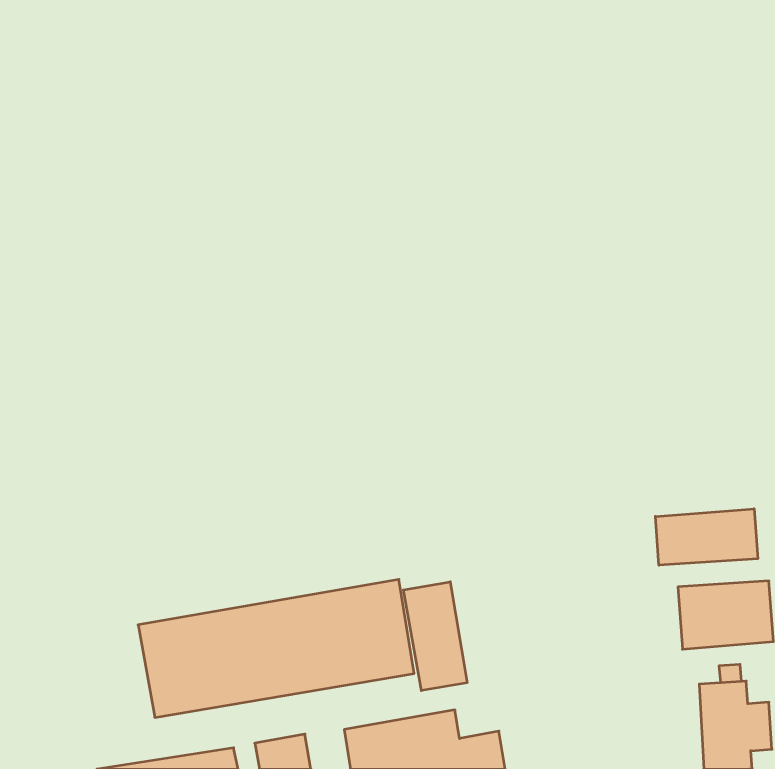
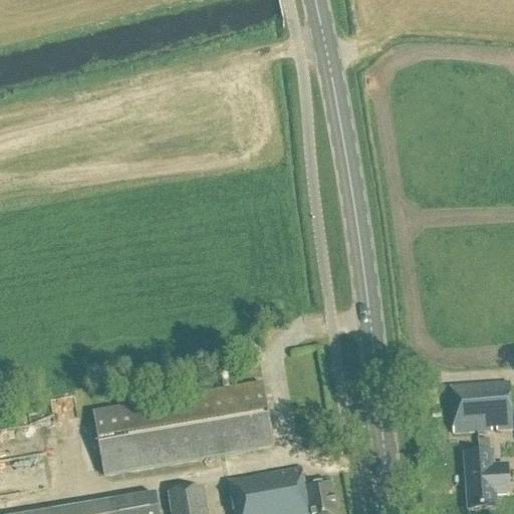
building: [655,509,758,565] -> none
building: [403,582,467,691] -> none

